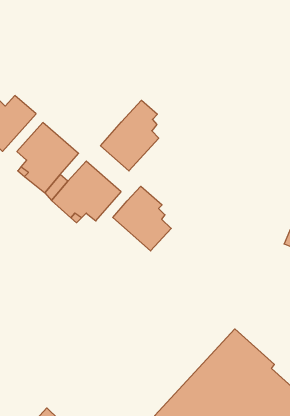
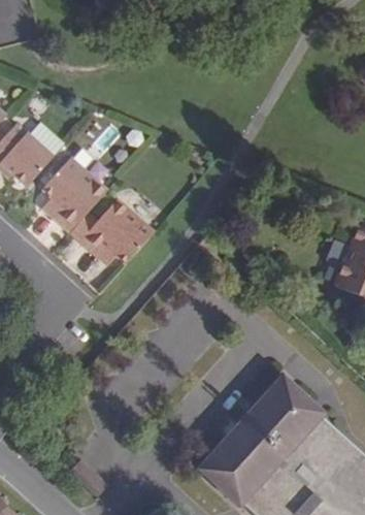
building: [101,100,159,171] -> none
building: [113,186,171,251] -> none

